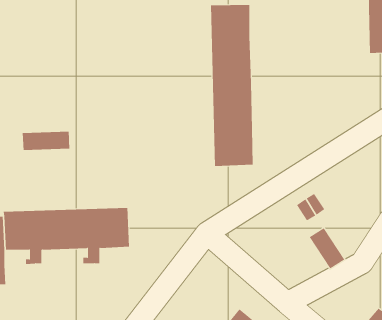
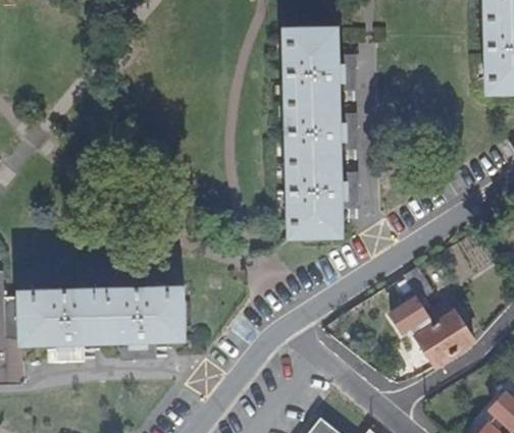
building: [22,131,70,151] -> none
building: none -> [429,302,474,355]

